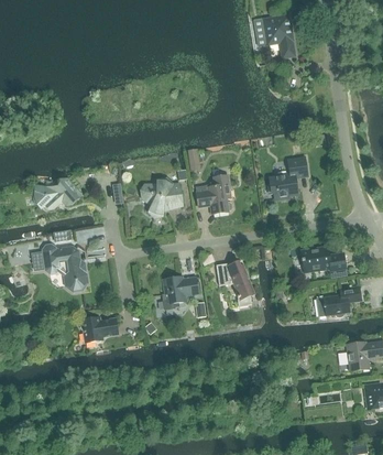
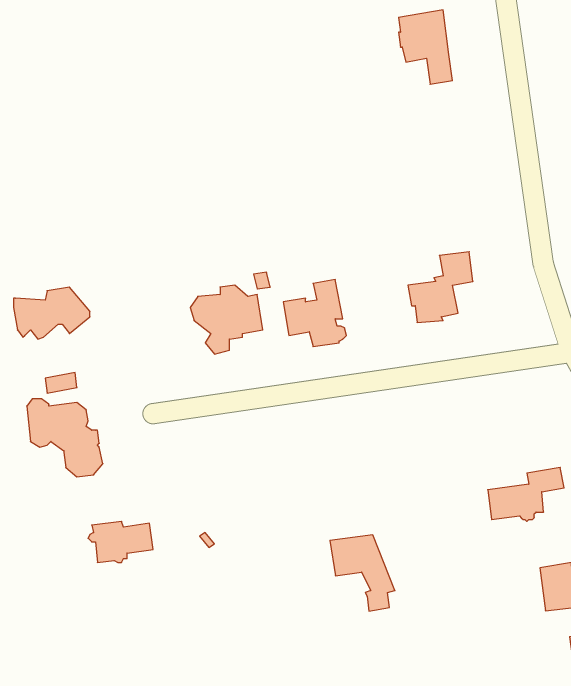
building: [302,248,346,271] -> none
building: [216,261,254,306] -> [330,535,395,611]
building: [163,277,198,310] -> none

